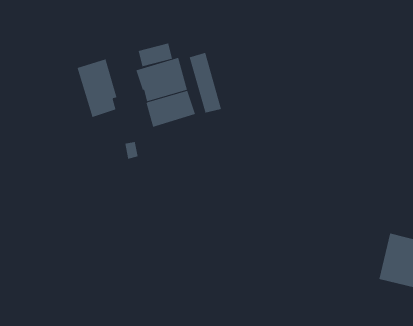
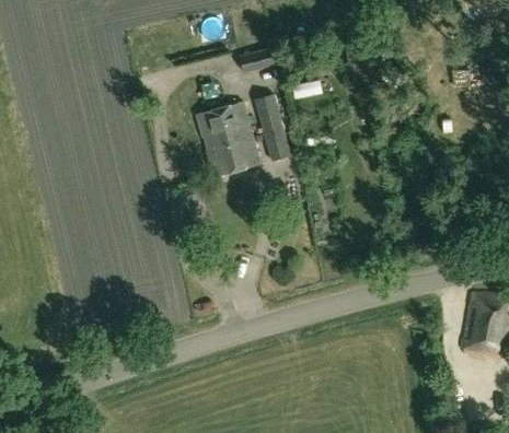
building: [138,43,173,67] -> [240,46,278,72]
building: [77,59,117,118] -> none

